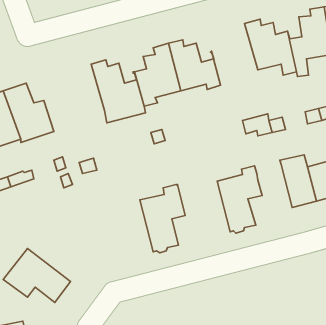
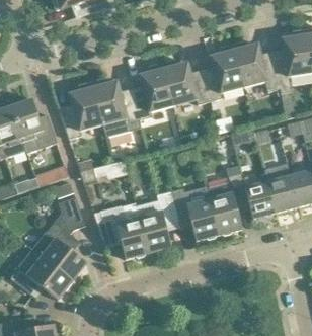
building: none -> [202,44,244,100]
building: none -> [58,81,103,139]
building: none -> [243,173,276,218]
building: none -> [170,188,219,241]
building: none -> [32,196,87,280]
building: none -> [94,202,148,259]

